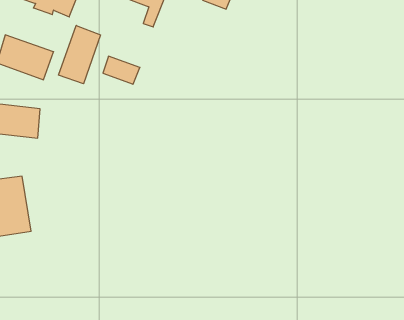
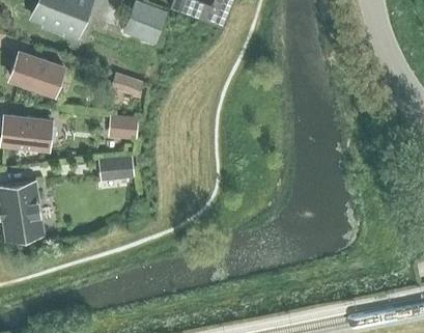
building: [58,25,100,84] -> none
building: none -> [109,116,137,141]
building: none -> [97,156,135,183]

